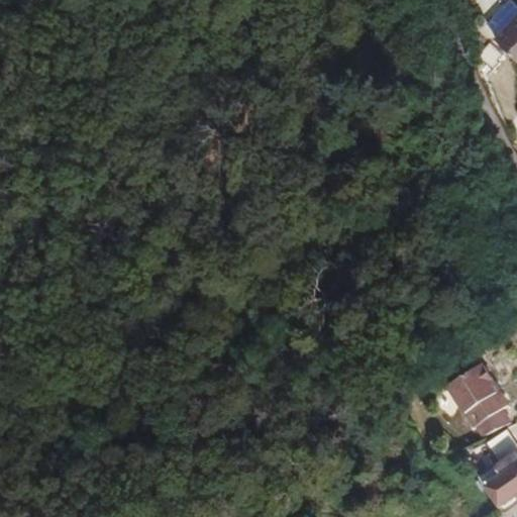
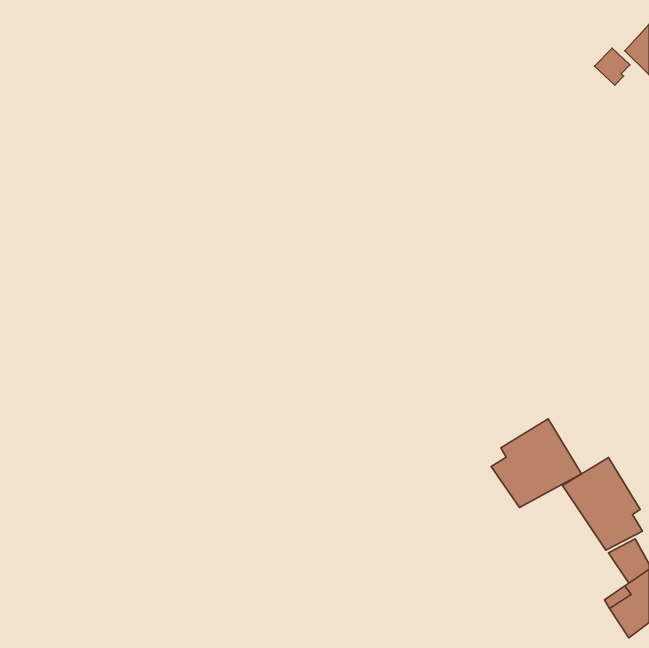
building: none -> [491,419,582,507]

